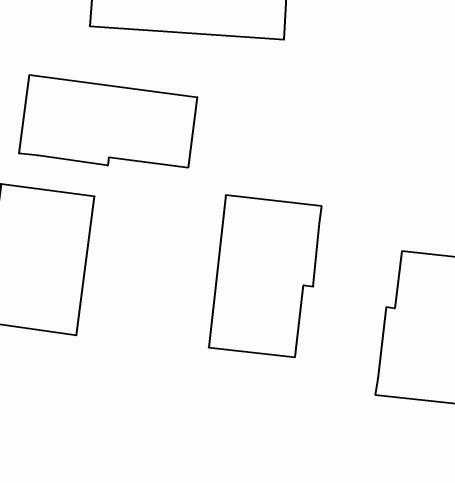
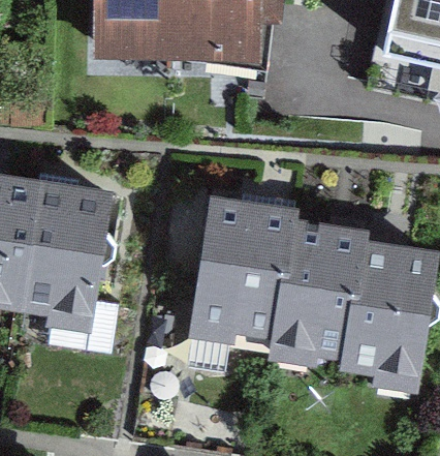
building: [19,75,197,168] -> none
building: none -> [272,223,365,356]

